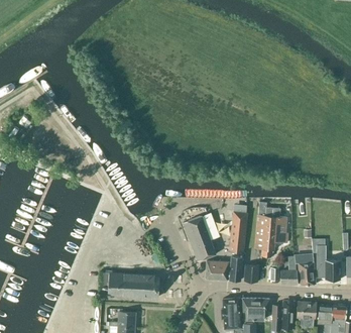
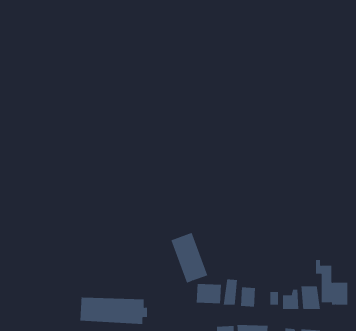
building: [229,211,247,252] -> none
building: [254,214,284,256] -> none

